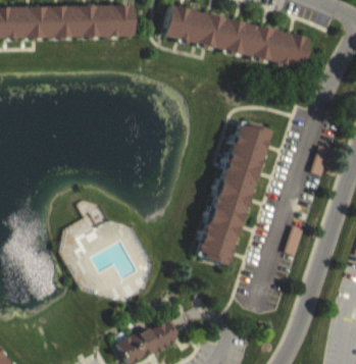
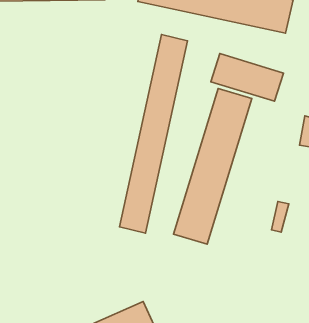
building: none -> [120,35,188,233]
building: none -> [211,54,283,101]

